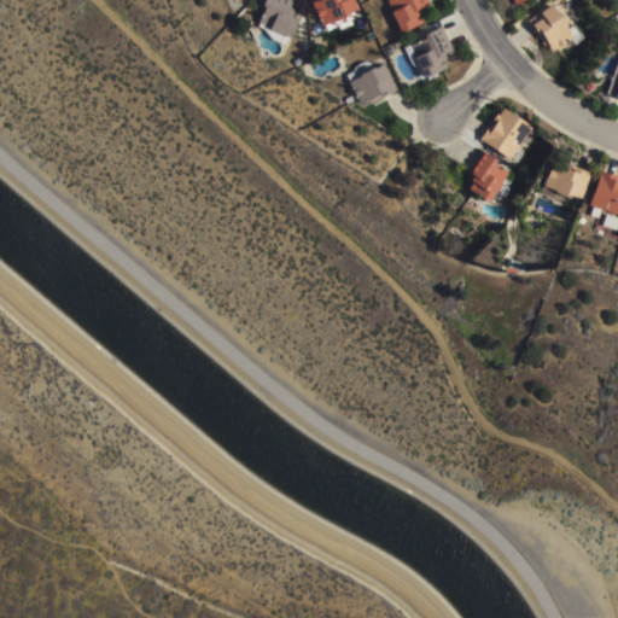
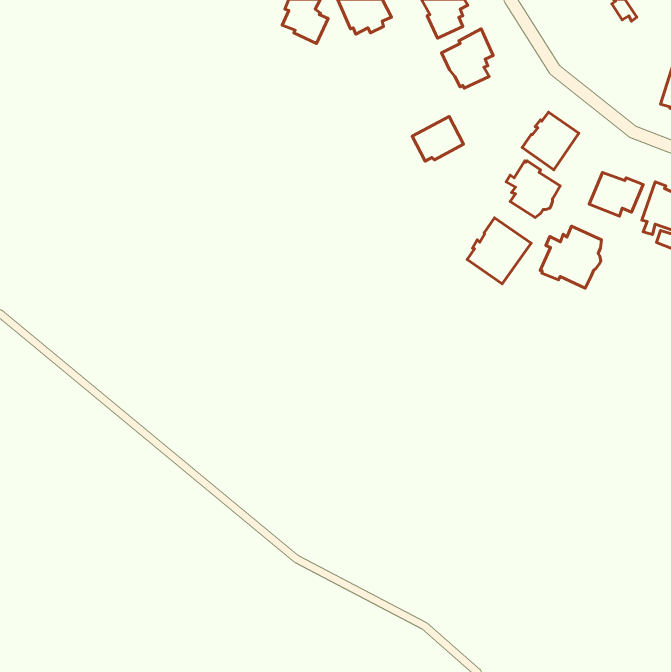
building: [529,7,584,54] -> none
building: [351,65,398,106] -> [412,116,464,161]
building: none -> [467,218,531,284]
building: none -> [540,226,601,288]

